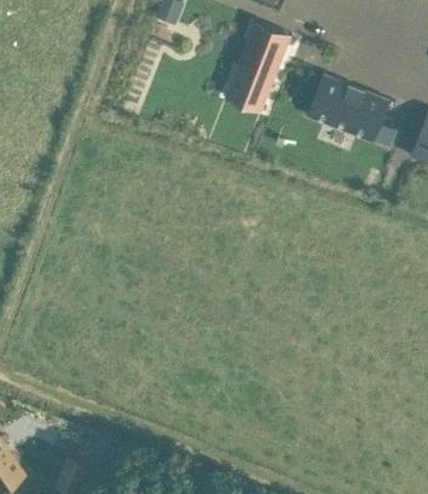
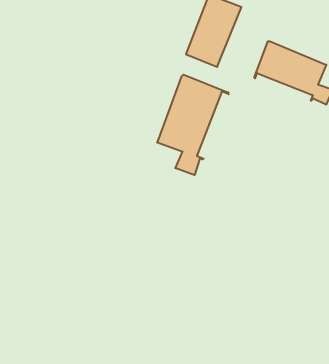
building: none -> [157,75,228,175]

